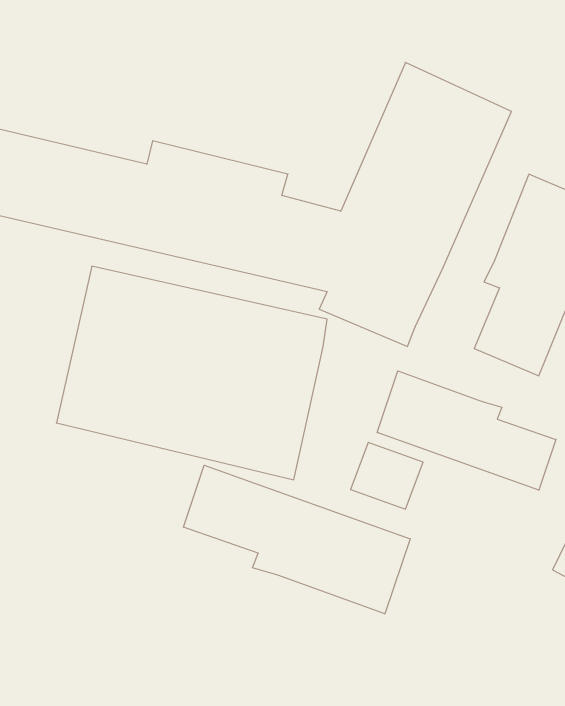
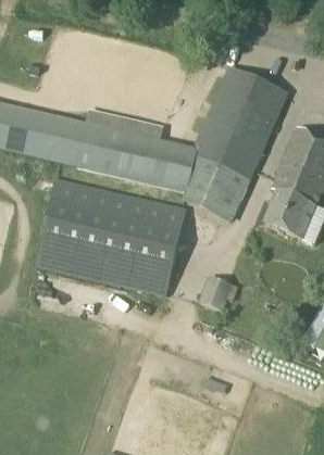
building: [377,371,556,490] -> none
building: [183,465,410,614] -> none

